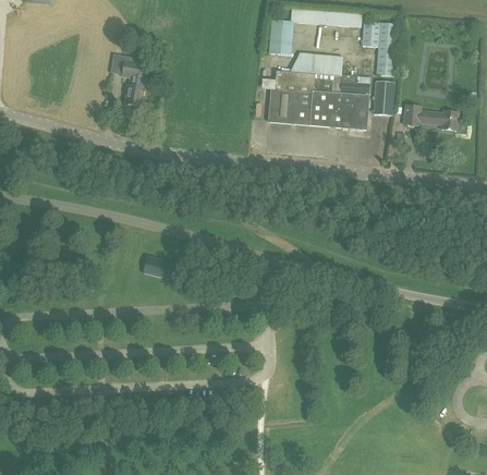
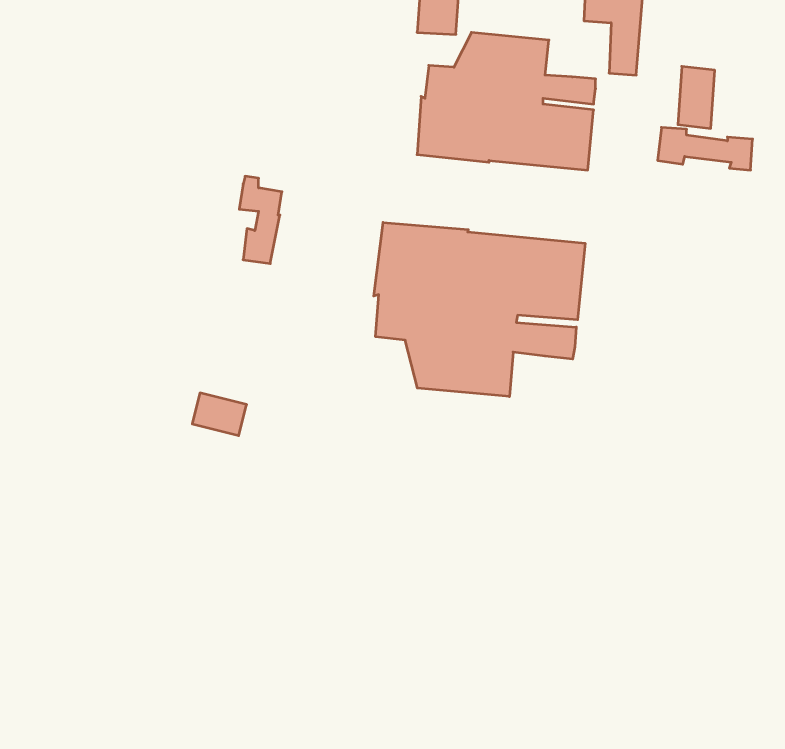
building: [121,57,145,106] -> [239,176,282,264]
building: [372,81,392,115] -> [678,66,715,128]
building: none -> [374,222,585,397]

